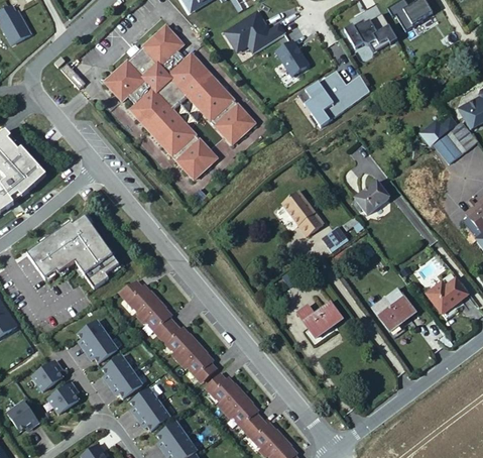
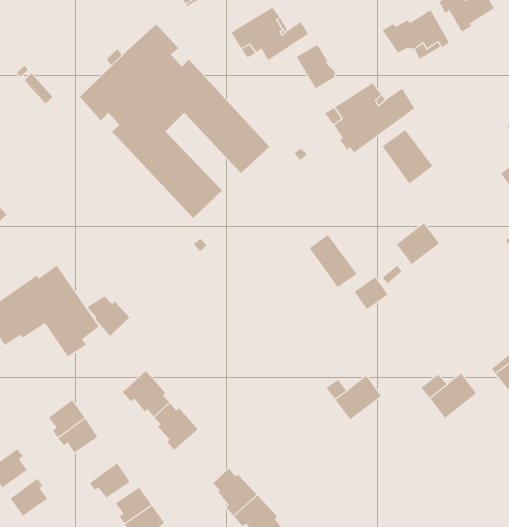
building: none -> [382,129,433,184]
building: [121,279,155,312] -> [87,296,130,337]
building: [177,343,216,379] -> none
building: [104,355,133,385] -> none

